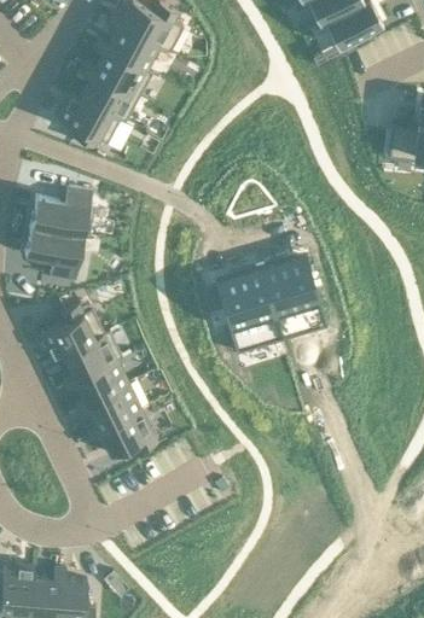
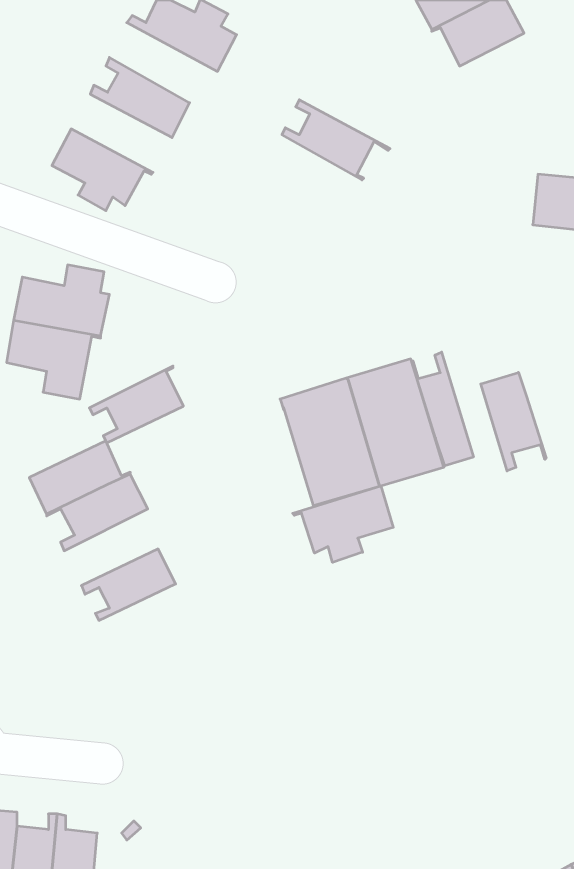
building: [94,19,169,75] -> [282,100,390,180]
building: [68,69,138,123] -> none
building: none -> [412,352,473,466]
building: none -> [481,372,546,471]
building: none -> [293,486,393,562]
building: [63,356,128,409] -> [89,366,183,443]
building: [87,408,157,455] -> none

